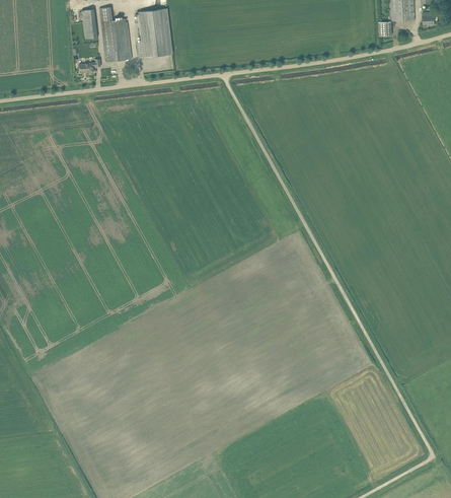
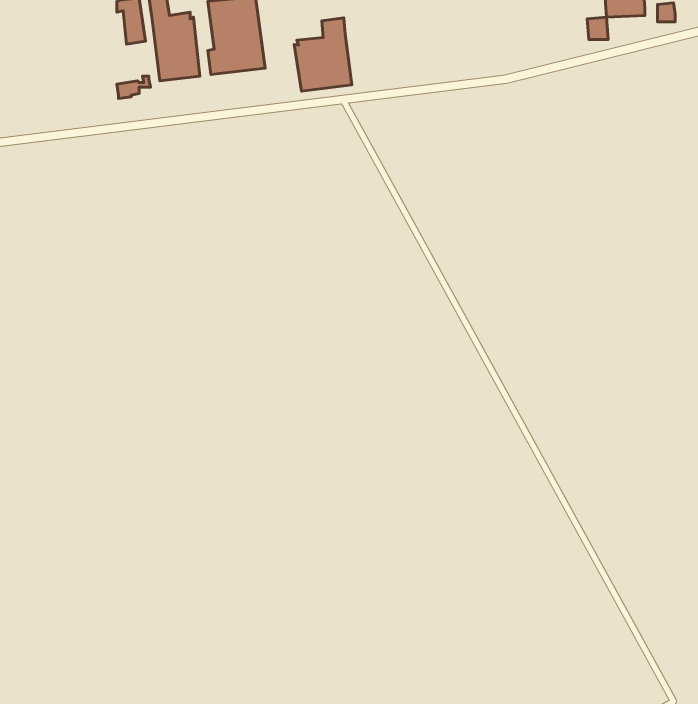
building: none -> [294,18,352,91]

